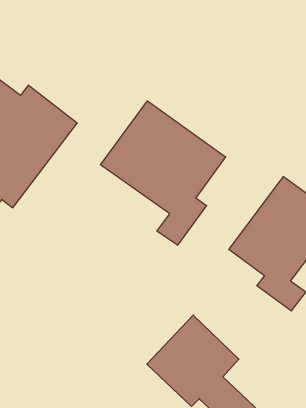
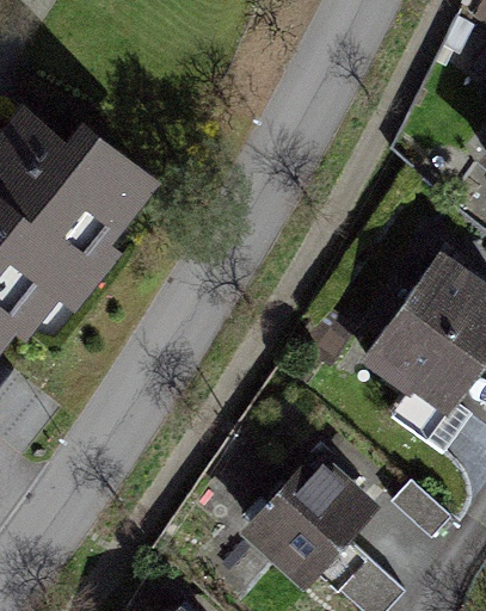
building: [101,101,226,245] -> none

